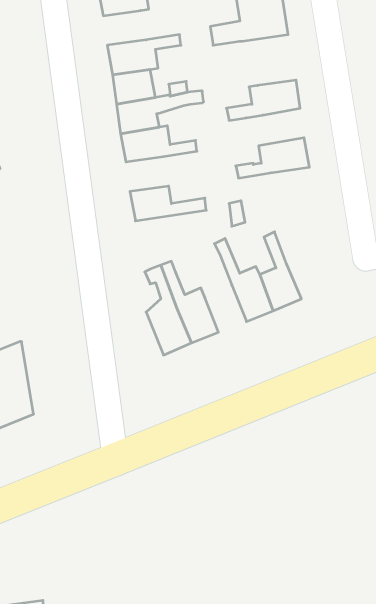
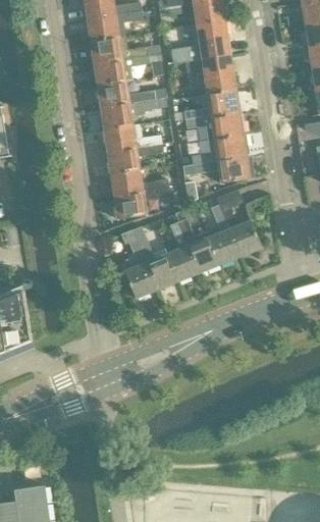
building: none -> [90,35,148,62]
building: none -> [196,54,236,93]
building: none -> [185,110,243,139]
building: none -> [107,143,163,173]
building: none -> [182,155,254,182]
building: none -> [114,188,169,218]
building: none -> [217,189,262,255]
building: none -> [167,221,199,280]

